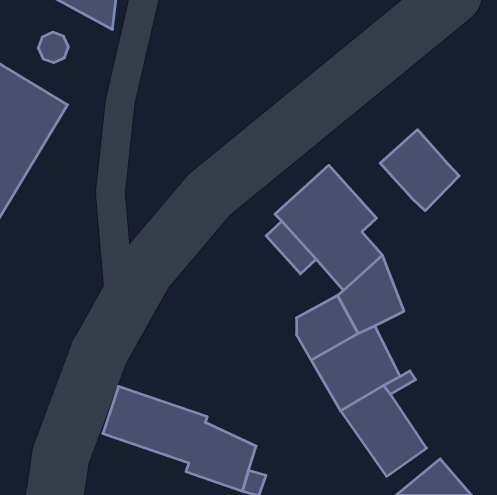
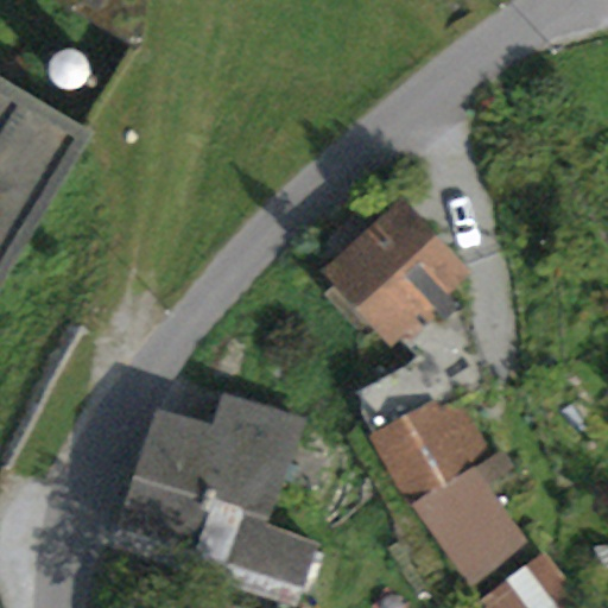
building: [380,130,459,211] -> none
building: none -> [144,397,299,506]

